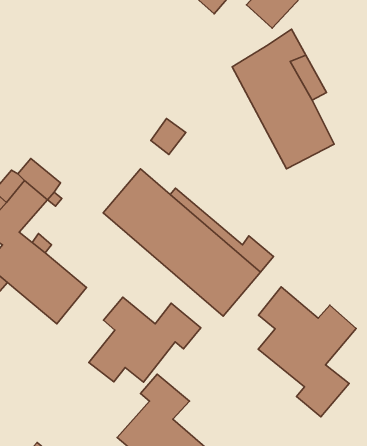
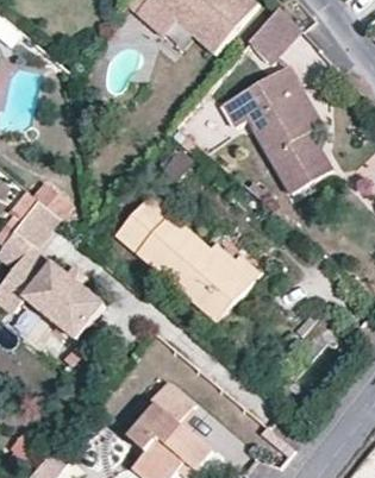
building: [258,287,356,417] -> none
building: [89,297,201,382] -> none

